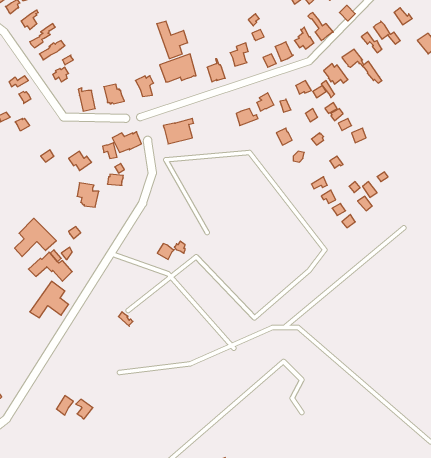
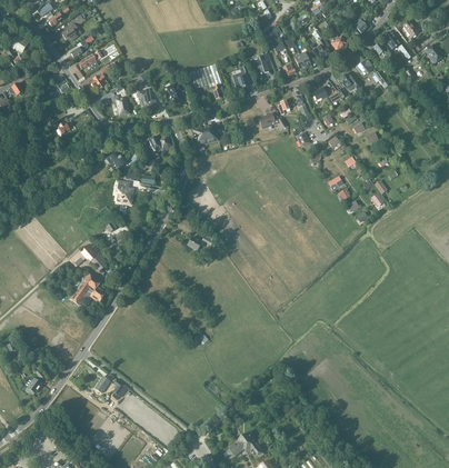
building: [157,21,188,59] -> none
building: [15,218,56,257] -> none

